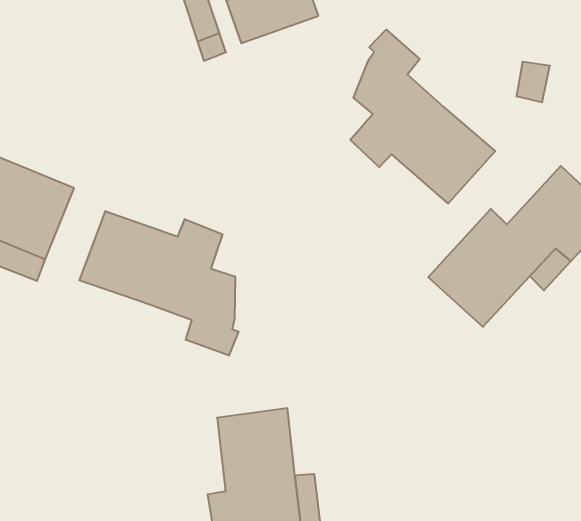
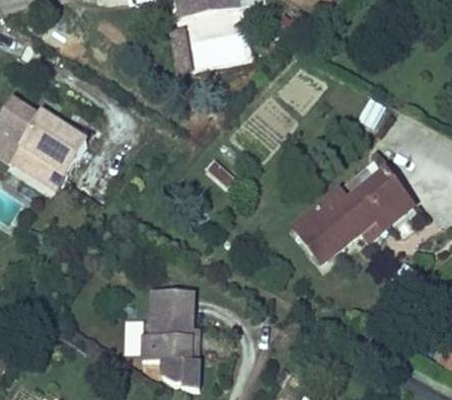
building: [350,30,495,203] -> none
building: [79,211,239,356] -> none

